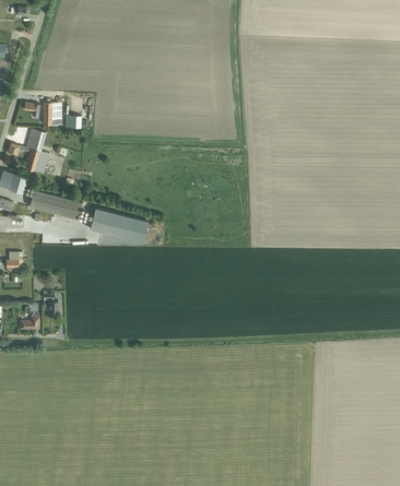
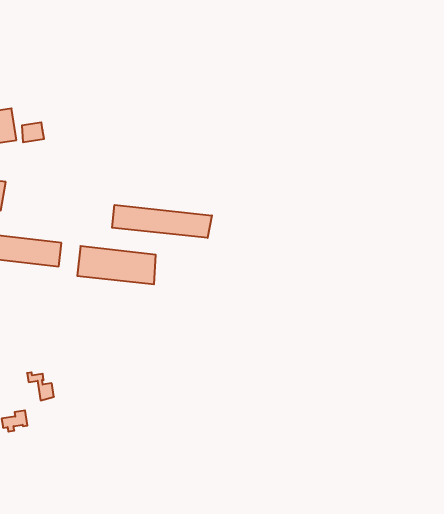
building: none -> [112,205,212,238]

